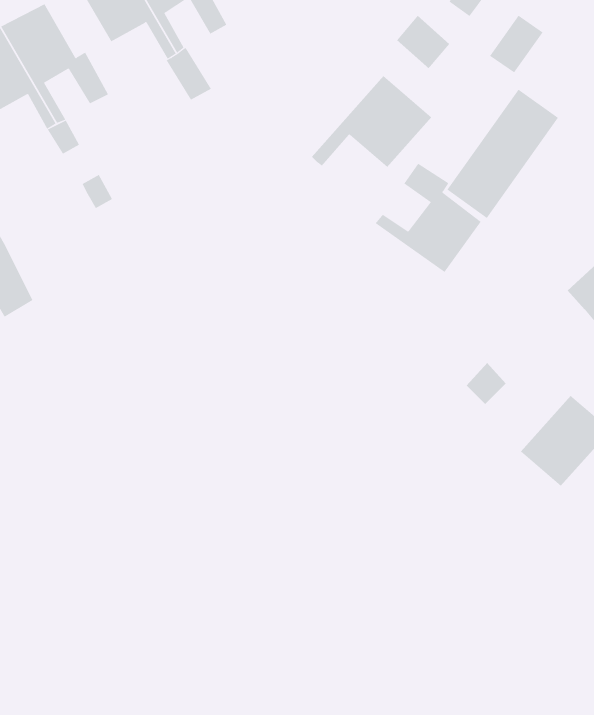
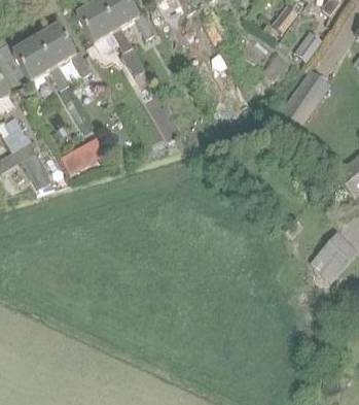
building: [311,75,432,168] -> none
building: [375,163,481,273] -> none
building: none -> [61,135,106,173]

